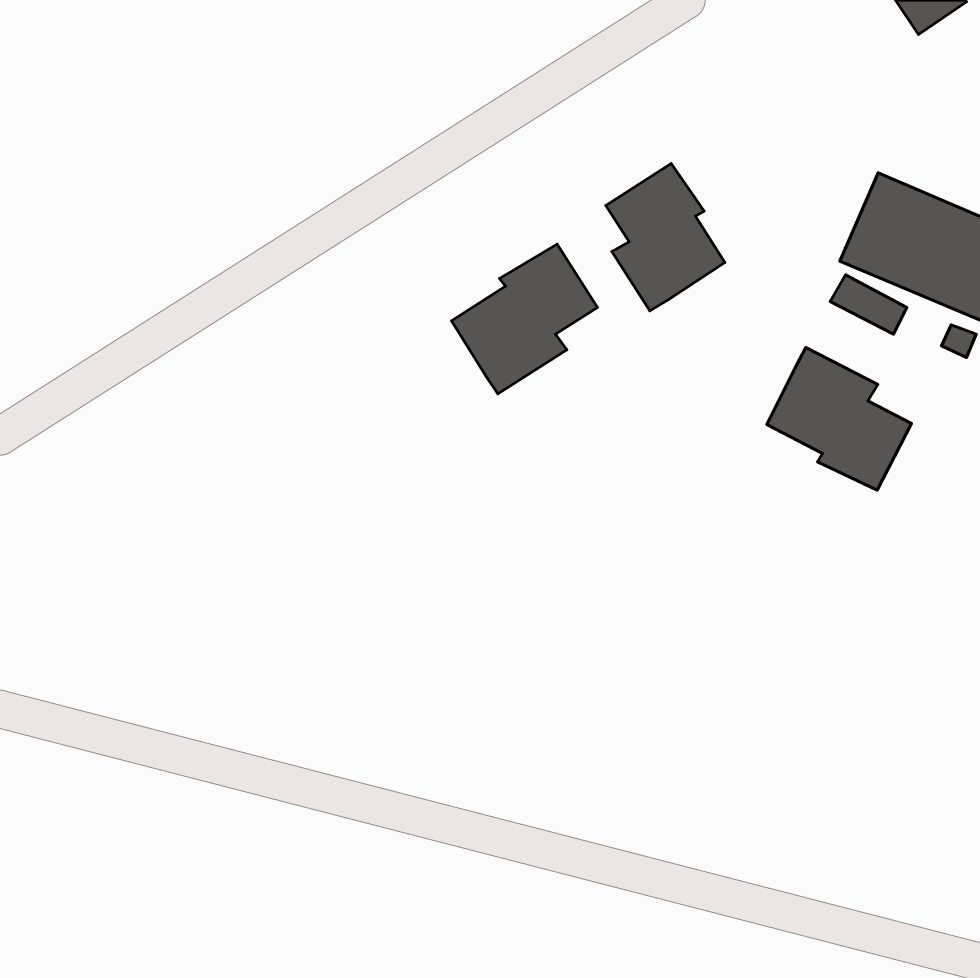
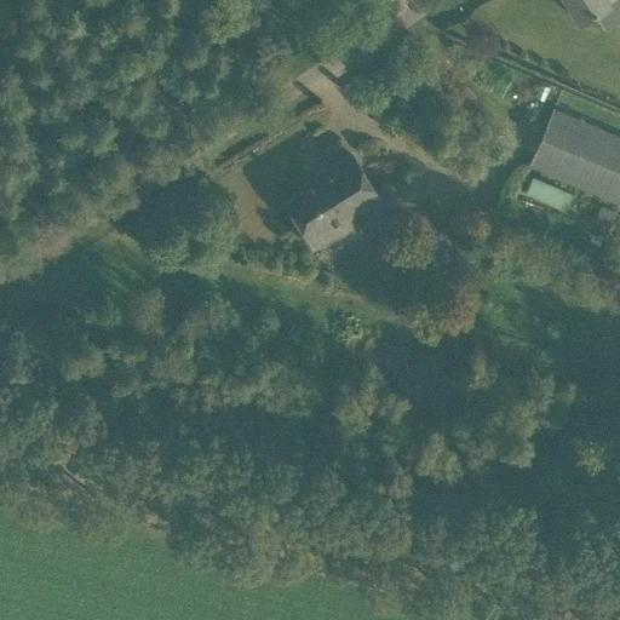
building: [606,163,725,311] -> none
building: [767,348,912,490] -> none

